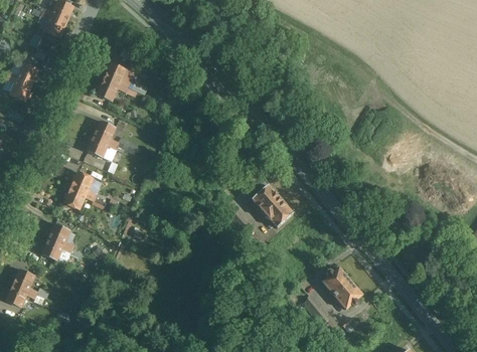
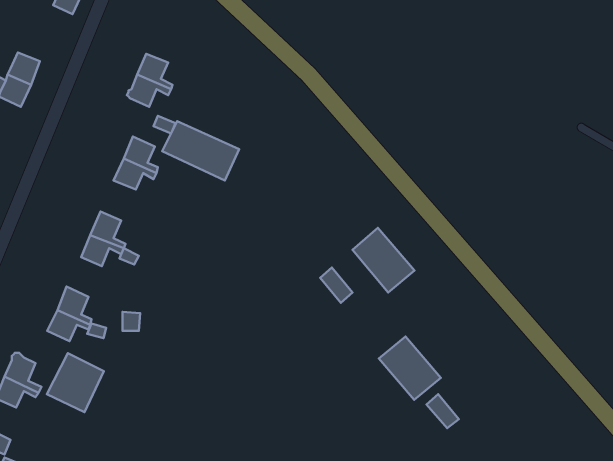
building: none -> [162,121,239,181]
building: [320,267,362,310] -> [379,337,441,400]
building: none -> [47,353,104,412]

